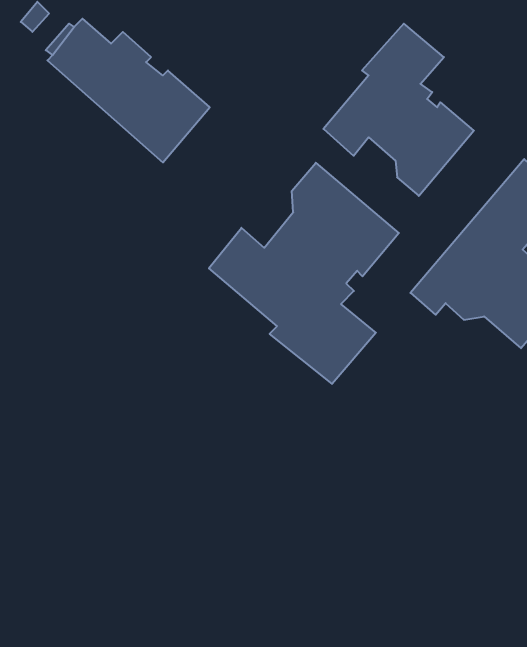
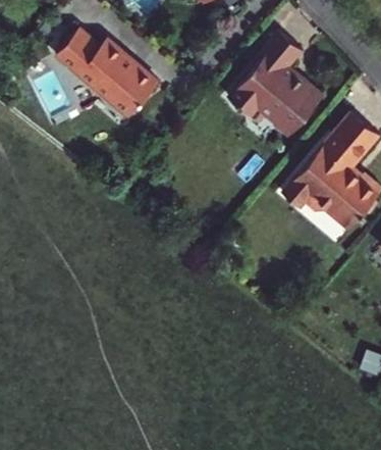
building: [209,163,399,384] -> none

